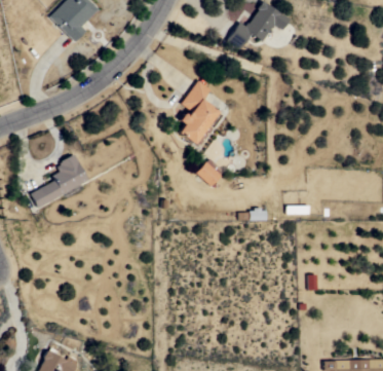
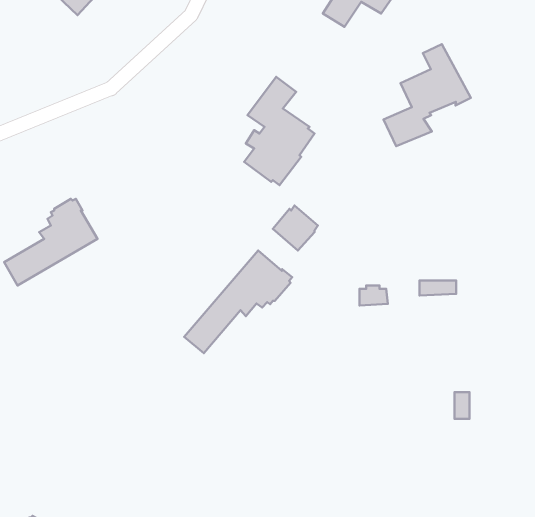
building: none -> [383,44,471,146]
building: none -> [184,250,292,353]

